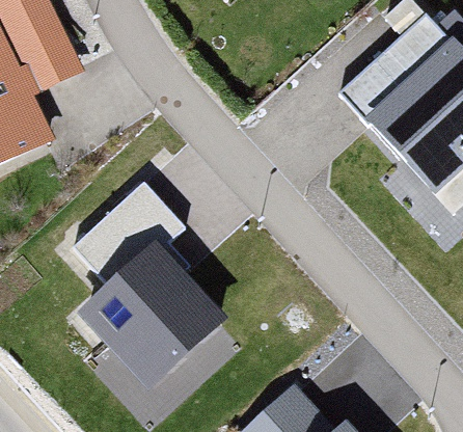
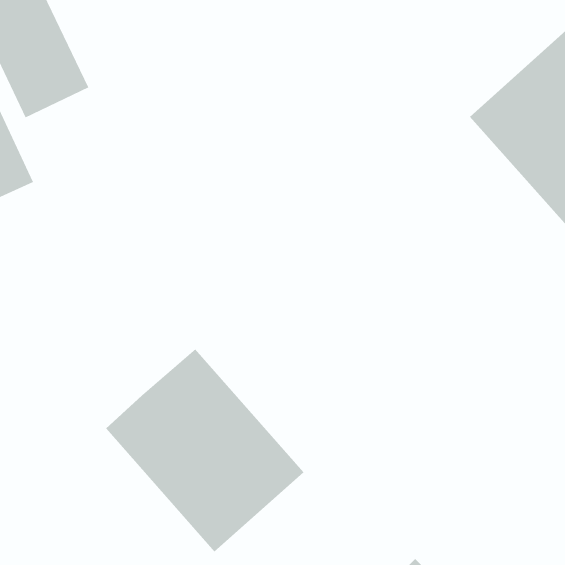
building: [82,189,183,287] -> none

